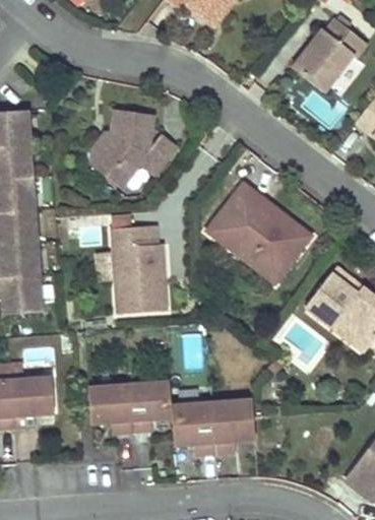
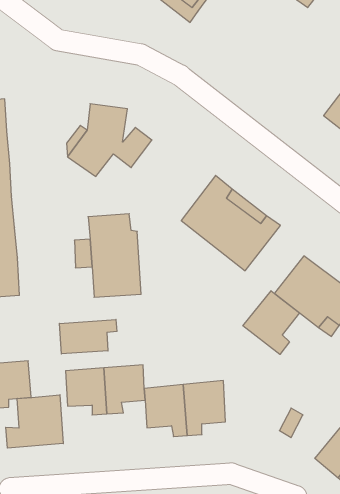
building: [294,18,367,91] -> none
building: none -> [243,291,299,354]
building: none -> [59,319,117,354]
building: none -> [6,395,63,448]

